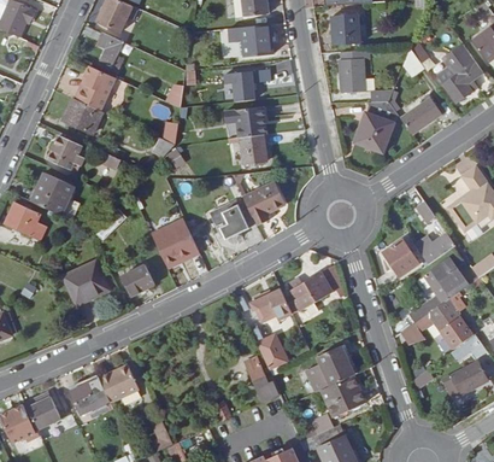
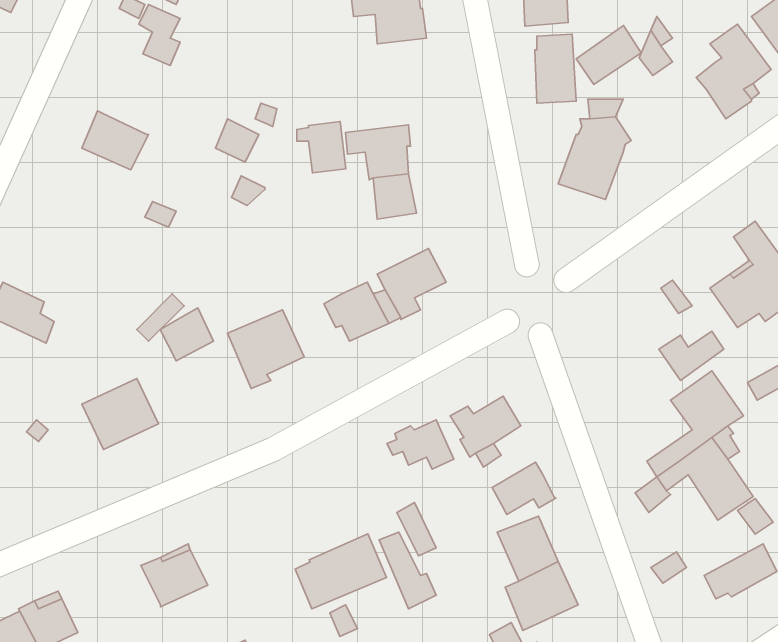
building: [75,66,117,112] -> none
building: [225,70,255,101] -> [297,122,346,173]
building: [401,98,441,134] -> [576,25,641,84]
building: [48,135,86,170] -> none
building: [31,172,75,215] -> none
building: [382,239,418,276] -> none
building: [122,264,154,297] -> [160,308,214,361]
building: none -> [492,462,556,514]
building: none -> [295,534,387,609]
building: [71,376,111,414] -> none

